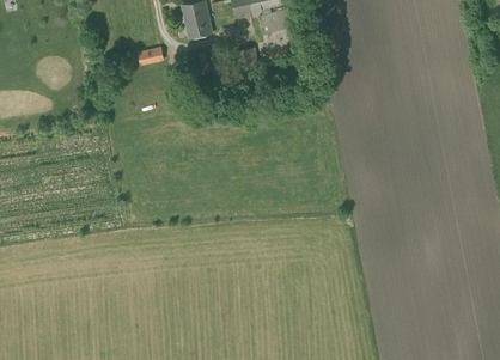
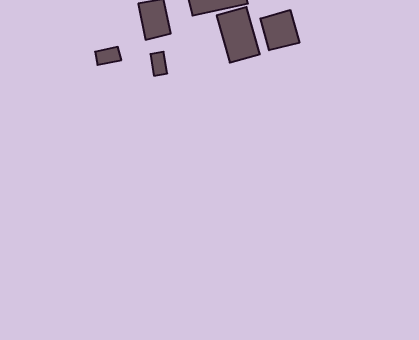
building: none -> [260,10,299,50]

